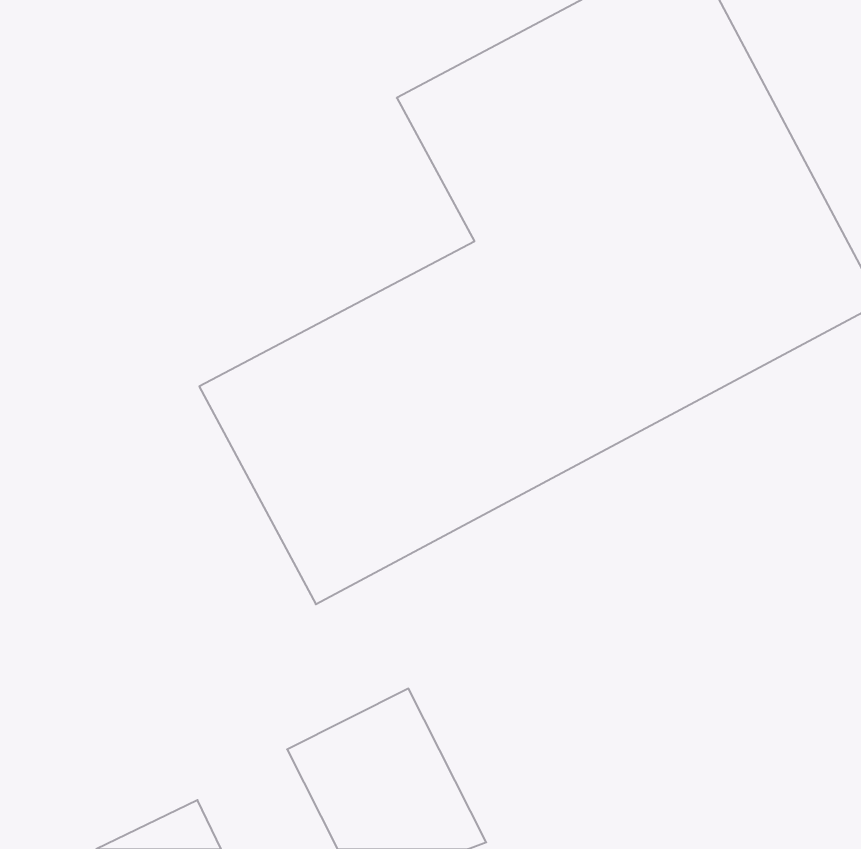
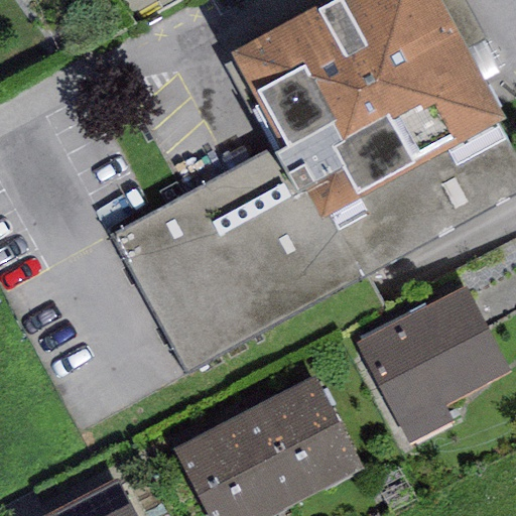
building: none -> [356,282,511,440]
building: none -> [245,376,362,503]

